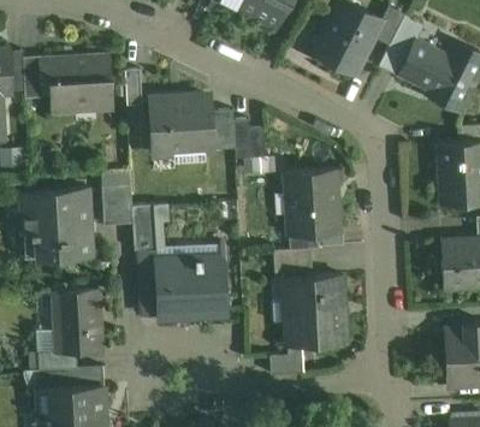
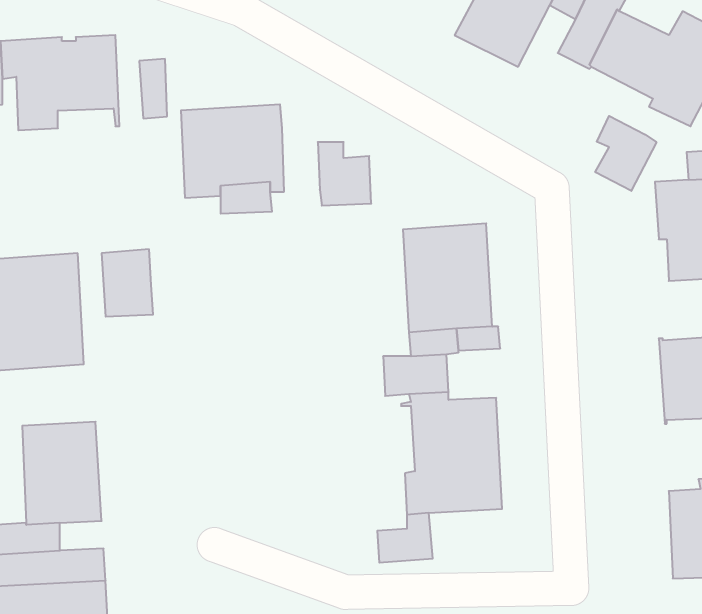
building: none -> [595,116,656,191]
building: [212,109,235,149] -> none
building: [132,204,156,250] -> none
building: [156,253,226,316] -> none

